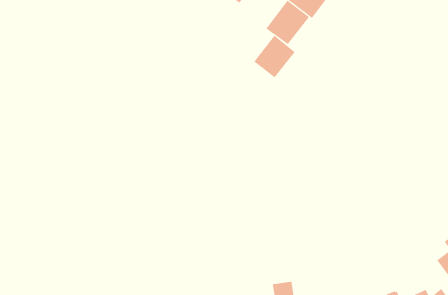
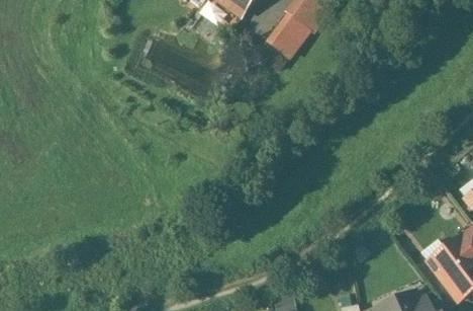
building: [254,35,296,78] -> none

